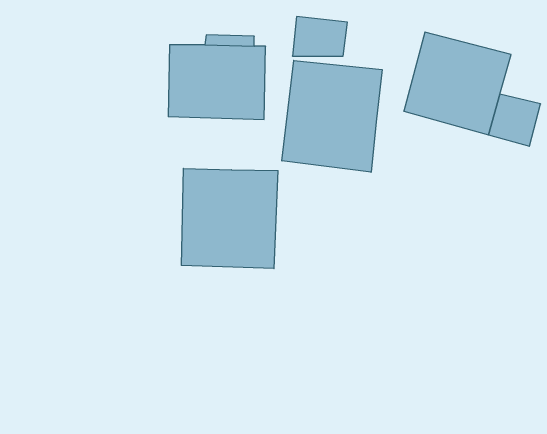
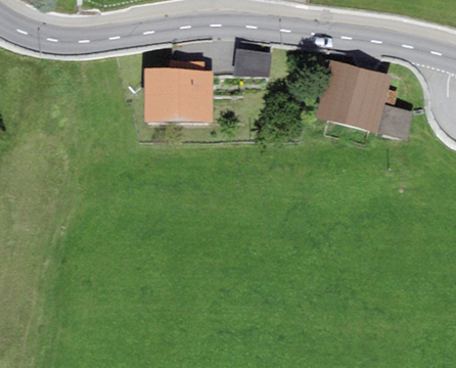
building: [282,60,382,172] -> none
building: [181,168,278,269] -> none

